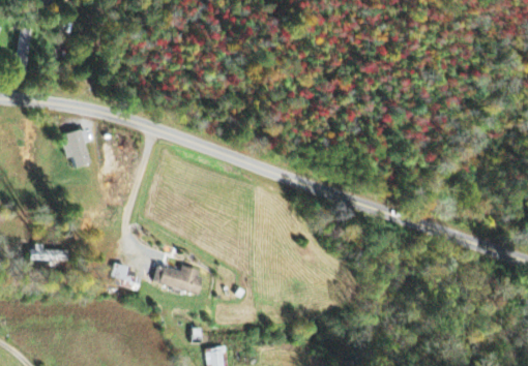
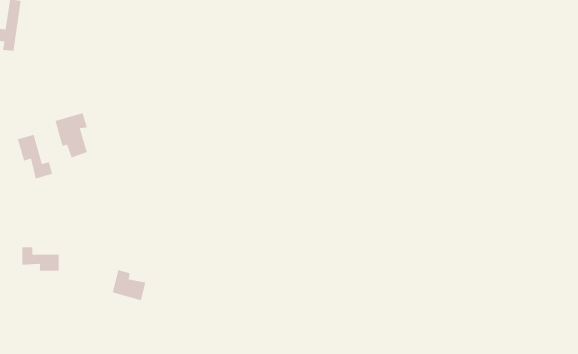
building: none -> [17,134,53,180]
building: [153,265,201,292] -> none

